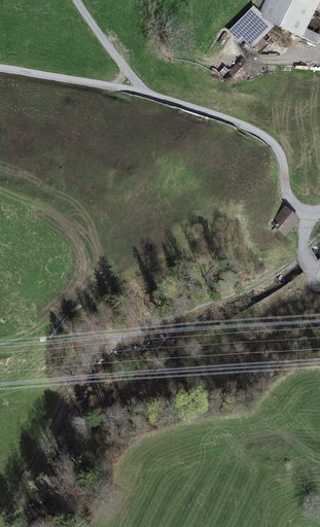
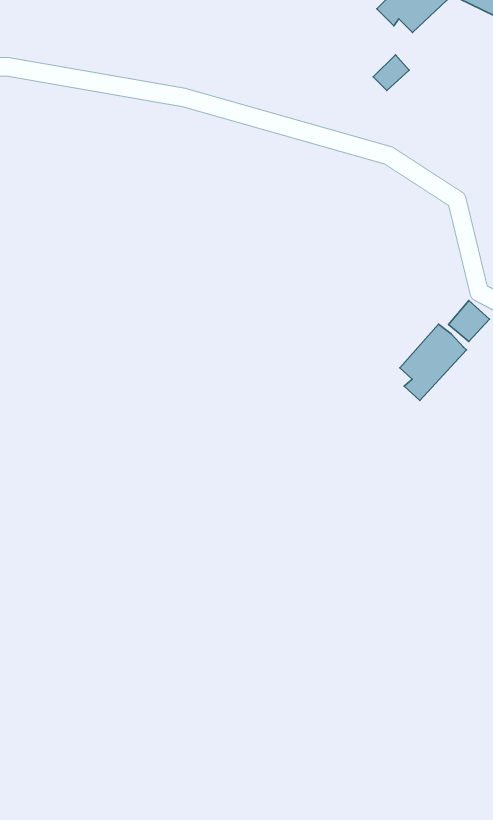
building: none -> [400,324,466,401]

